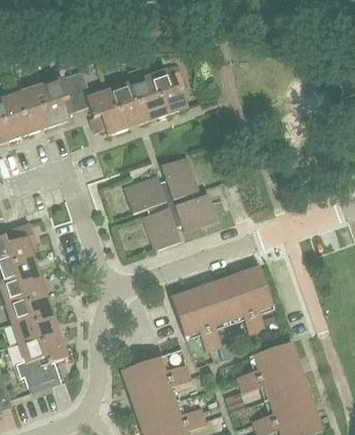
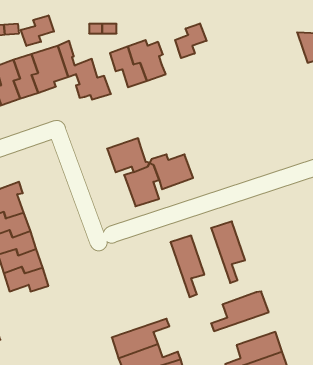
building: none -> [21,15,54,46]
building: none -> [175,23,207,58]
building: [108,84,147,128] -> none
building: [161,157,198,203] -> none
building: [215,274,258,337] -> none
building: [171,289,213,351] -> none
building: [15,335,68,388] -> none
building: [121,356,189,393] -> none
building: [240,365,307,401] -> none

